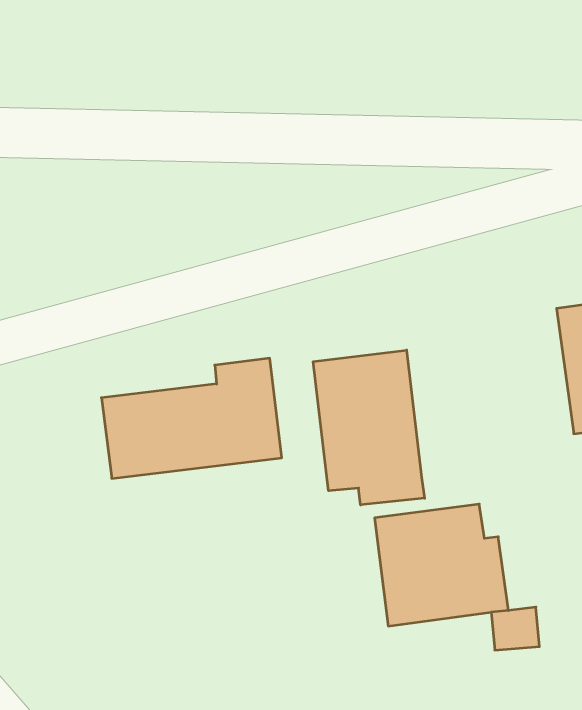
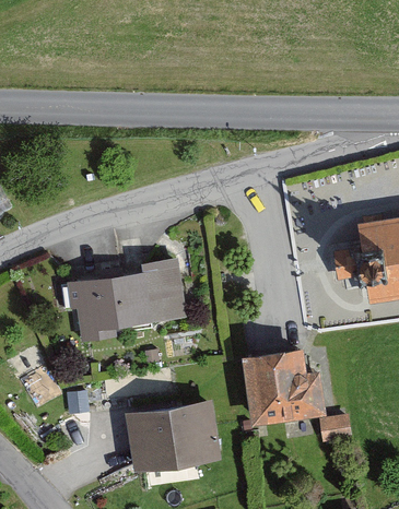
building: [313,350,425,505] -> none
building: none -> [126,401,219,472]

